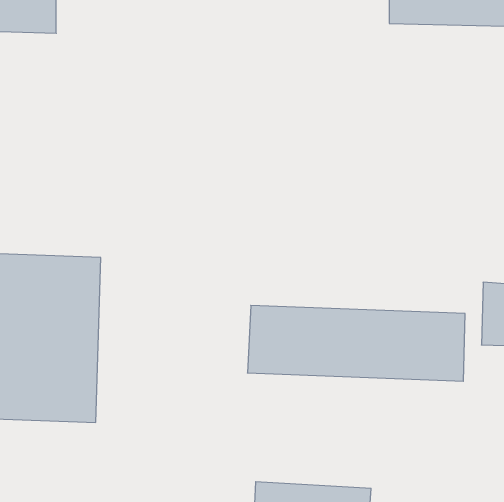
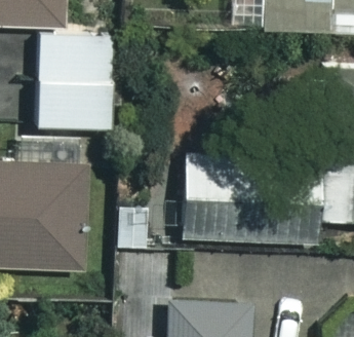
building: none -> [36,30,114,126]

